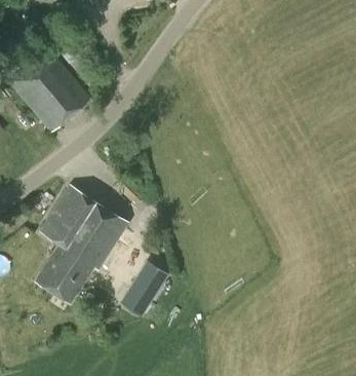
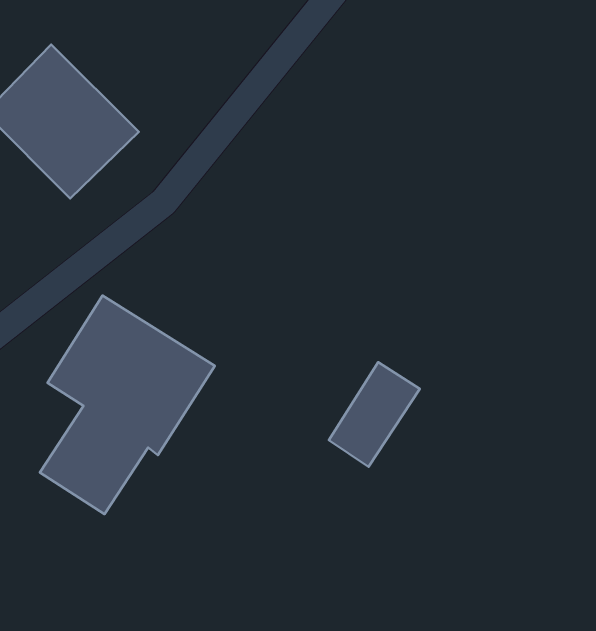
building: [119,261,168,317] -> [329,362,420,467]

